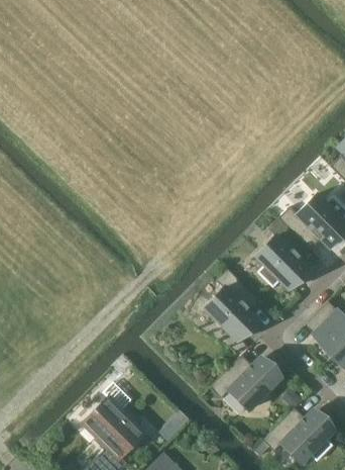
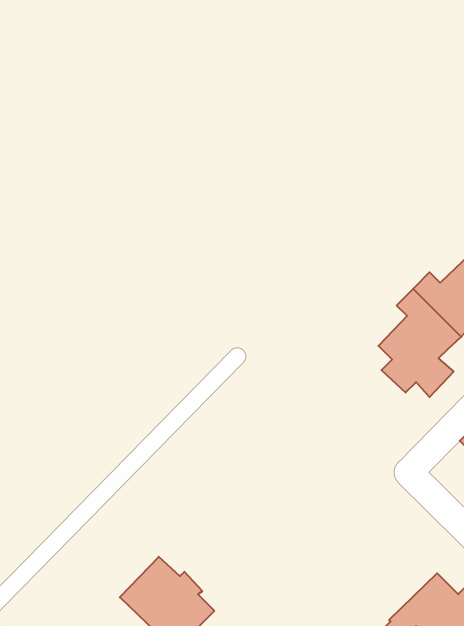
building: [206,269,256,342] -> none
building: [212,355,283,410] -> none

